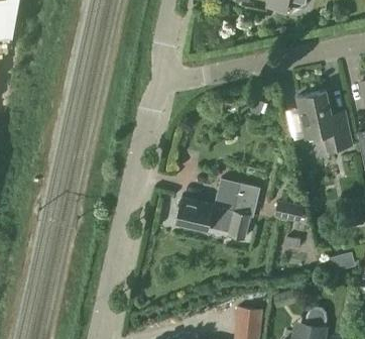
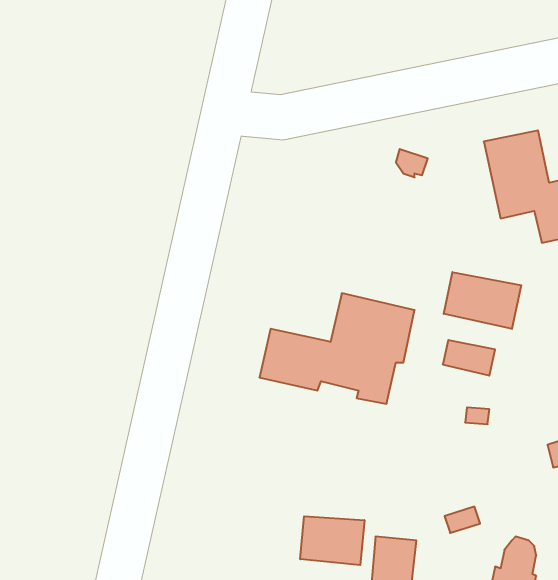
building: none -> [444,272,521,329]
building: none -> [300,516,364,565]

